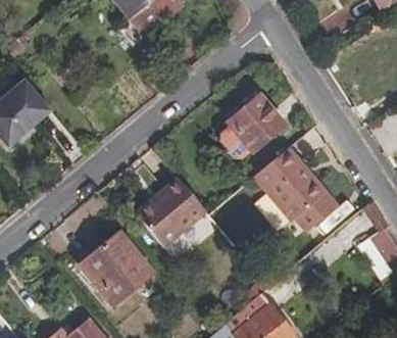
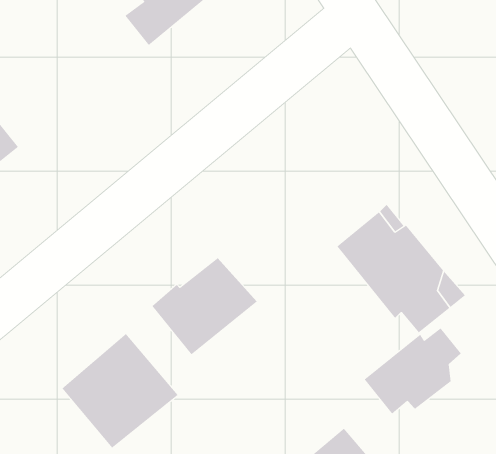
building: [222,95,286,151] -> none
building: none -> [364,328,462,414]

